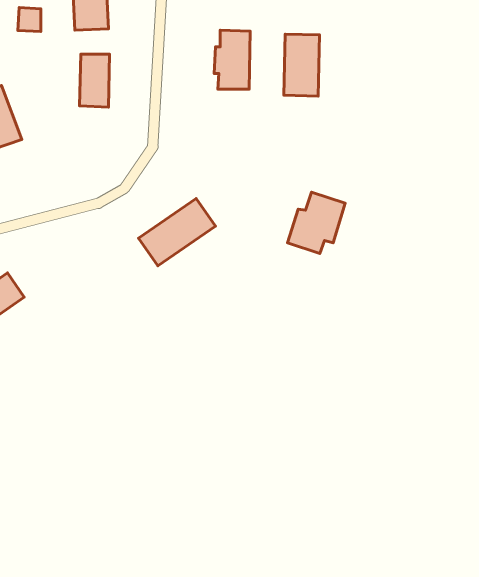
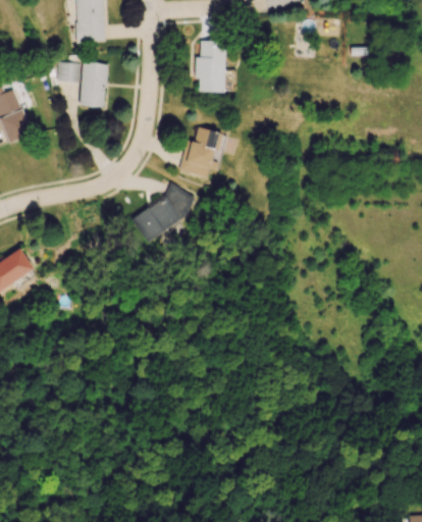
building: [18,8,41,32] -> [57,61,76,82]
building: [284,34,319,96] -> none
building: [287,192,345,254] -> [178,126,227,178]

